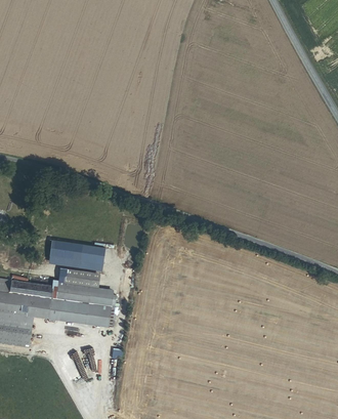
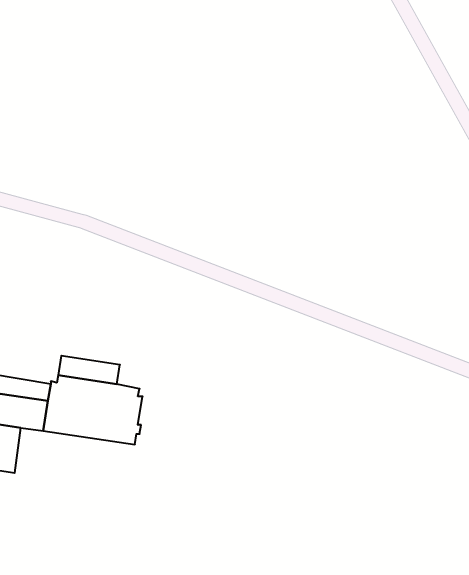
building: [48,241,99,269] -> none

